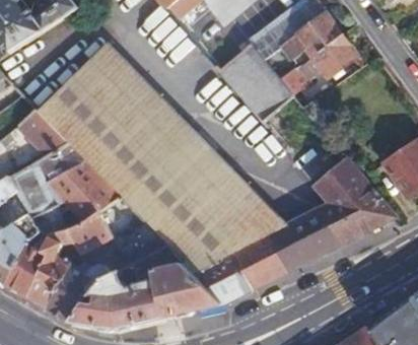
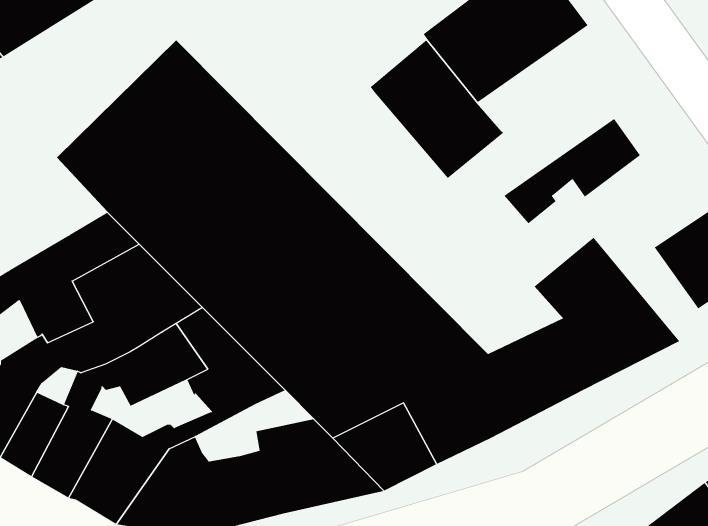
building: [280,34,359,95] -> [503,118,641,224]
building: [16,109,67,155] -> none

